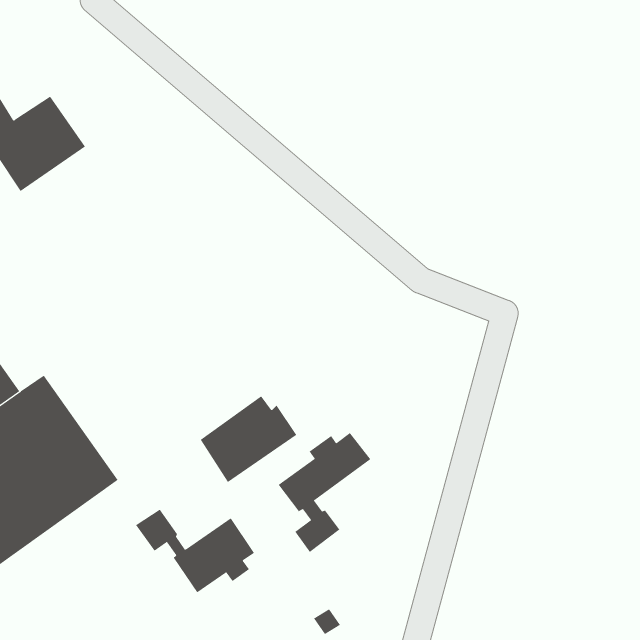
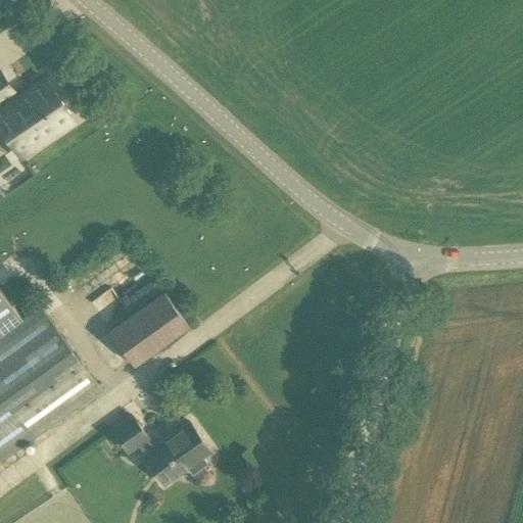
building: [200,396,297,483] -> [109,294,188,365]
building: [278,432,371,553] -> none

